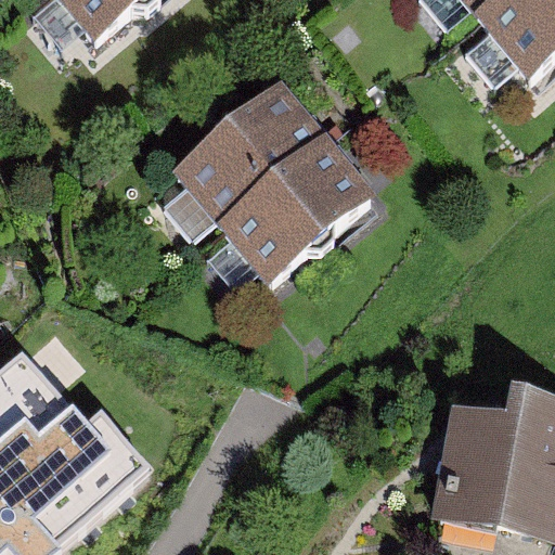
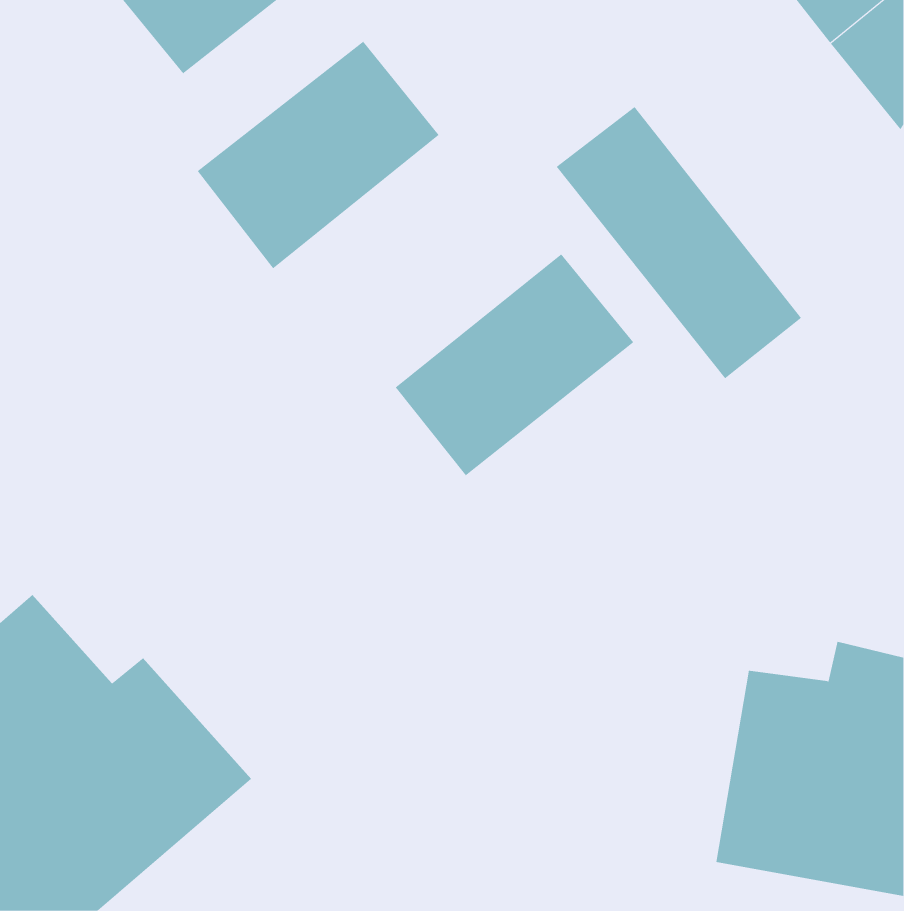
building: none -> [556,106,802,379]
building: [191,95,336,232] -> [197,41,440,269]

